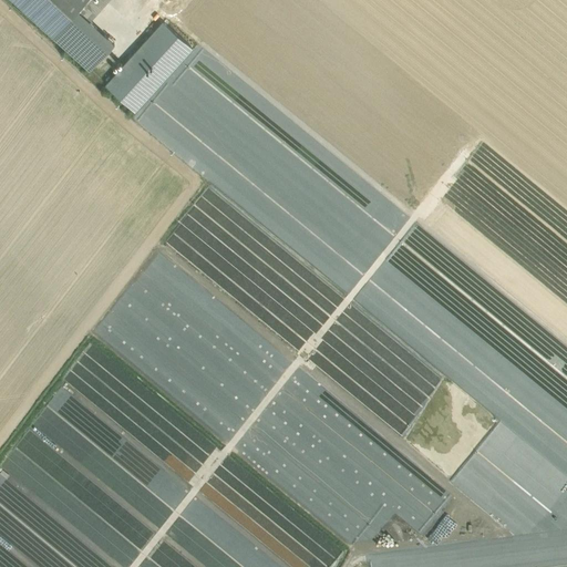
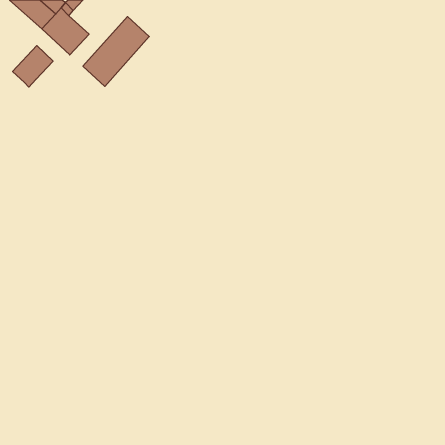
building: none -> [13,46,53,87]

